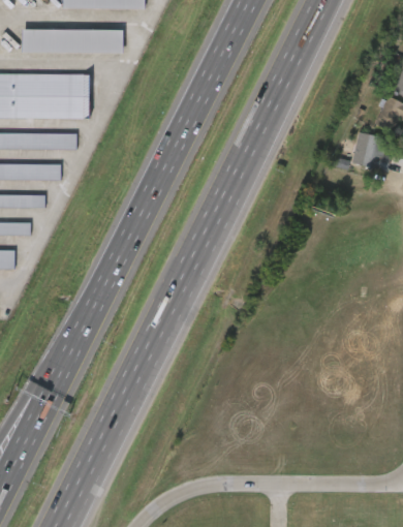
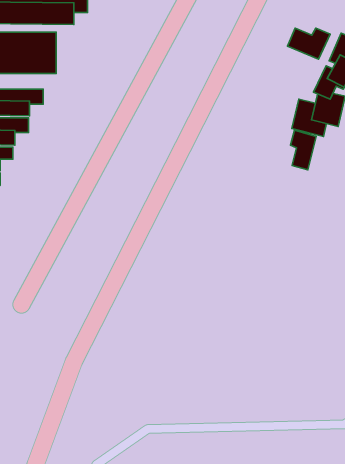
building: none -> [287,28,330,59]
building: none -> [291,130,316,170]

